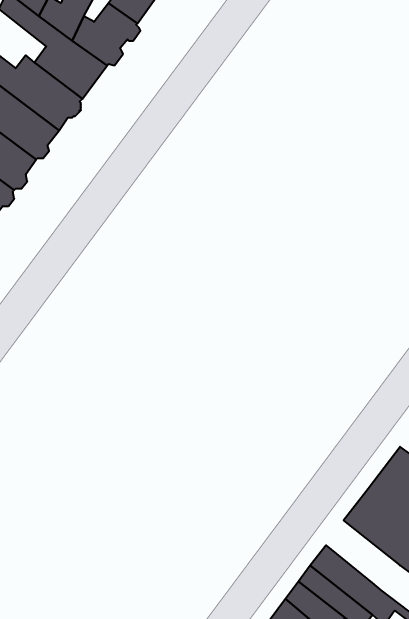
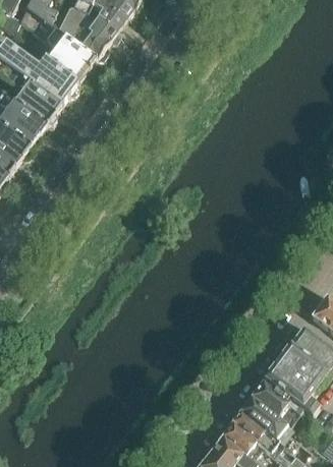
building: none -> [252,380,303,428]

